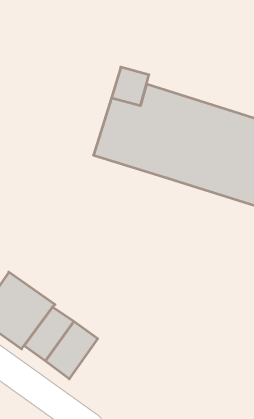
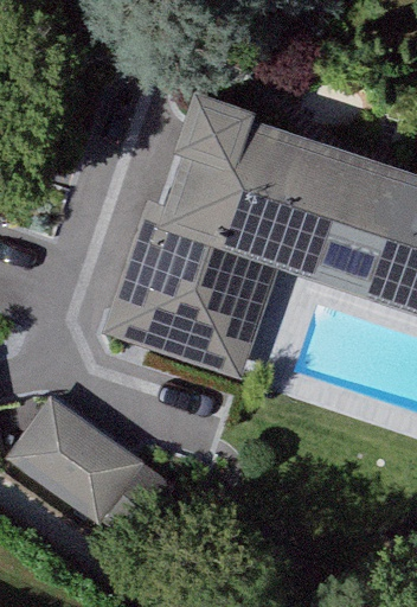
building: none -> [122,221,269,364]

